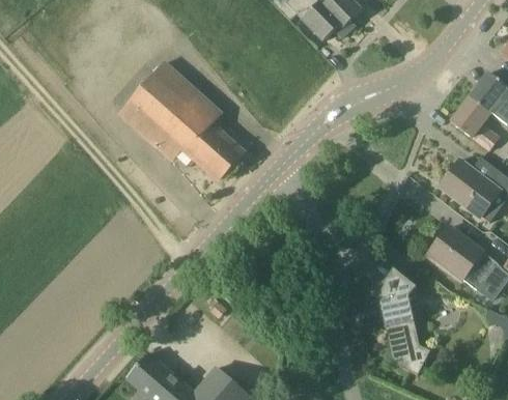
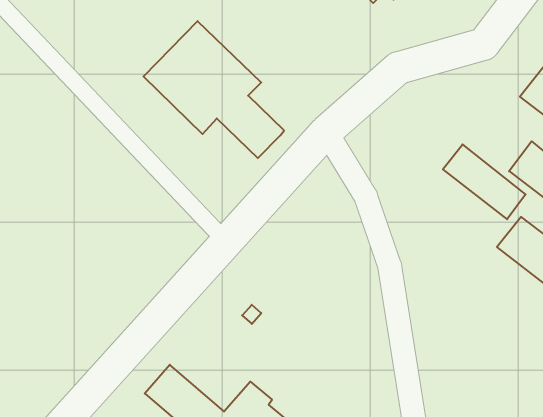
building: none -> [443,144,526,219]
building: [376,266,430,374] -> none

